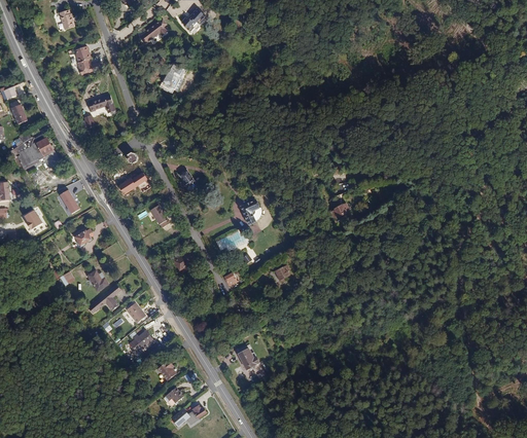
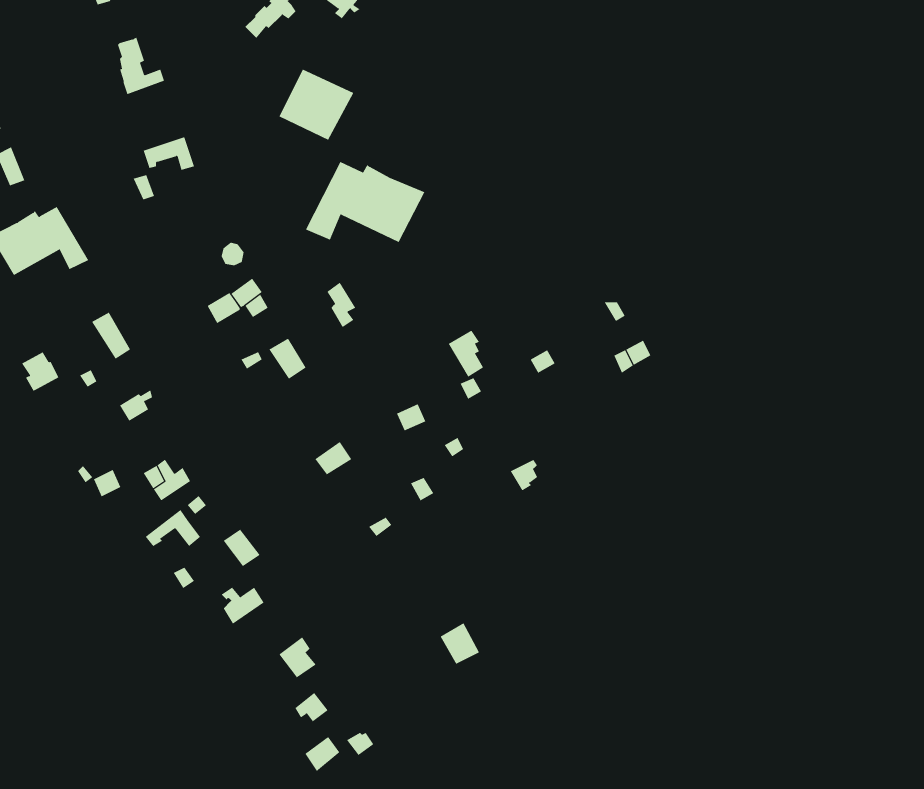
building: none -> [305,161,425,243]

